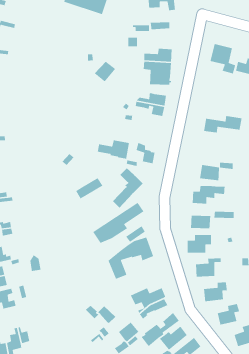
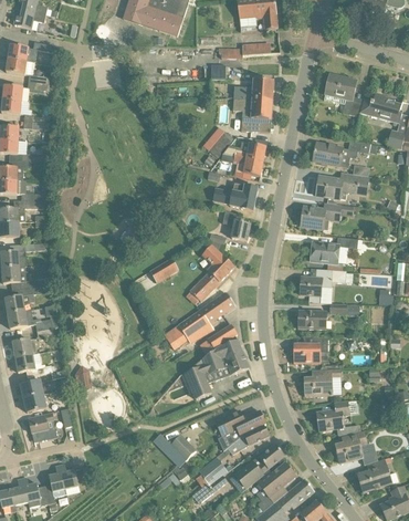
building: [94,61,116,82] -> [201,127,232,157]
building: none -> [313,138,370,165]
building: none -> [301,201,353,228]
building: [97,139,130,159] -> [212,181,258,209]

